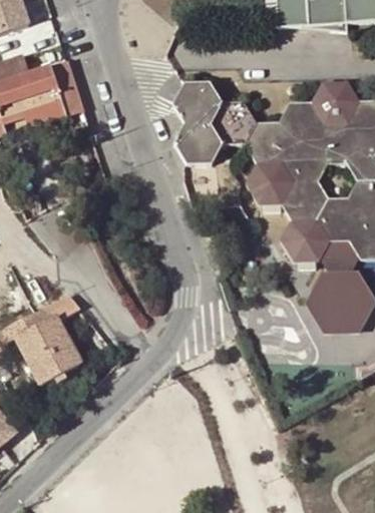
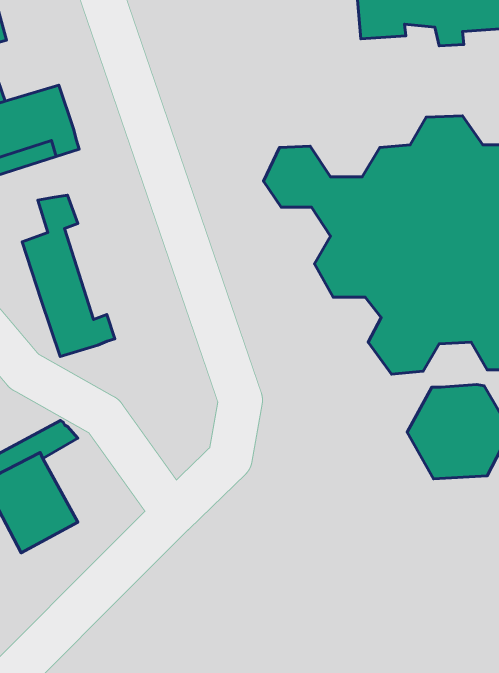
building: [170,85,222,166] -> none
building: none -> [22,195,115,356]
building: [320,238,364,270] -> none

